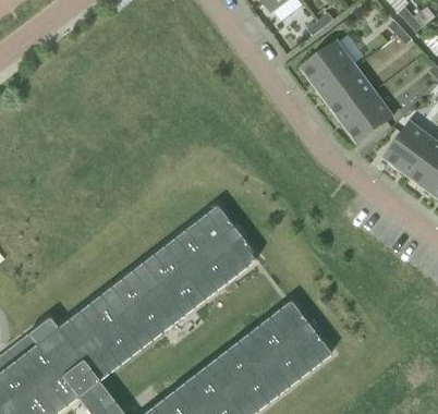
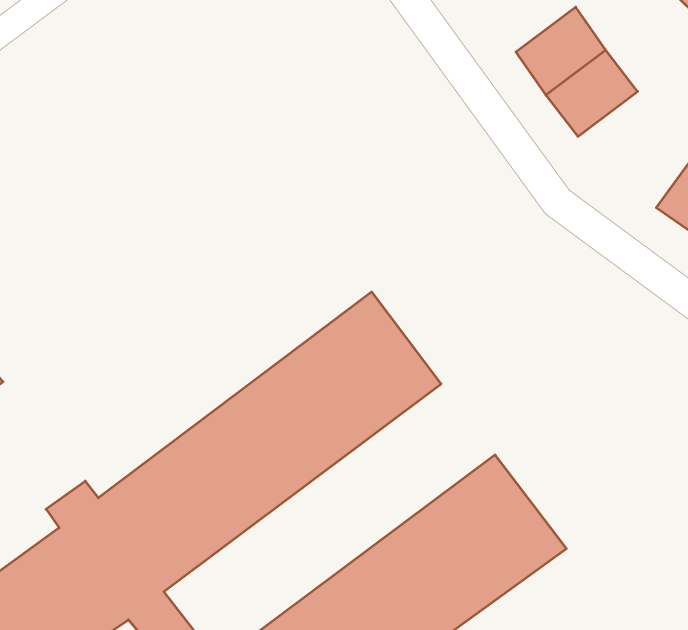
building: [338,90,392,143] -> none

